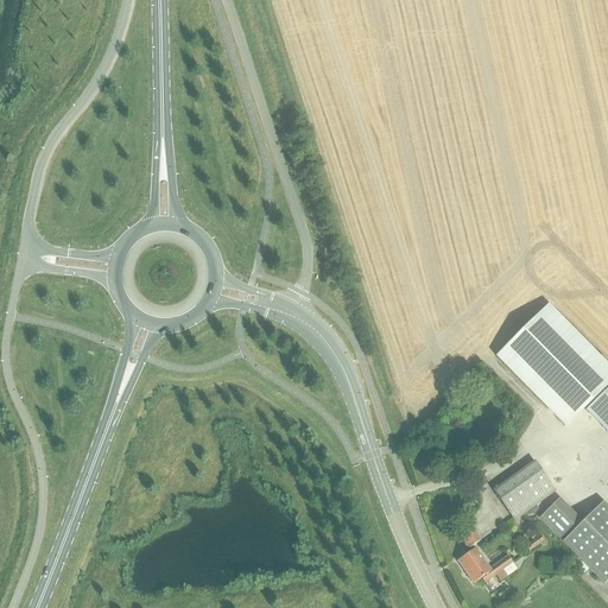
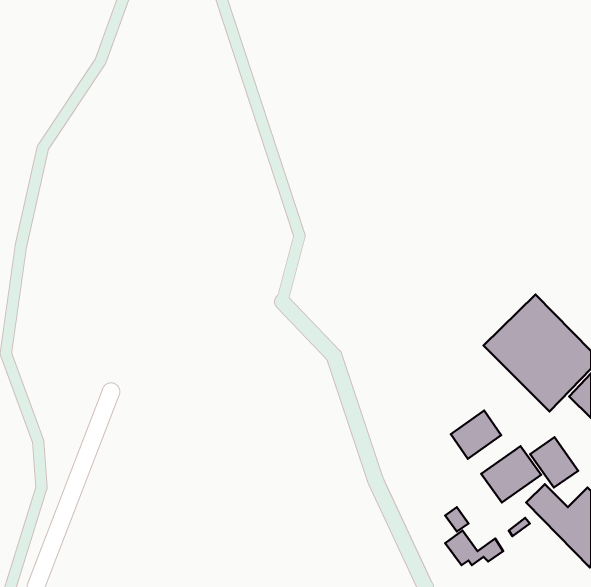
building: none -> [451,411,501,459]
building: none -> [530,437,578,488]

